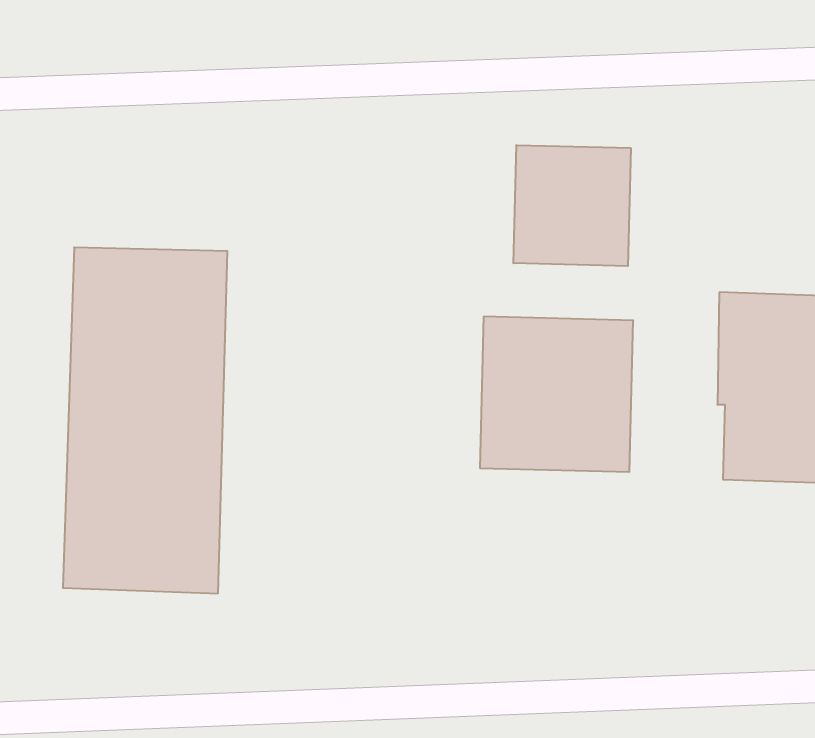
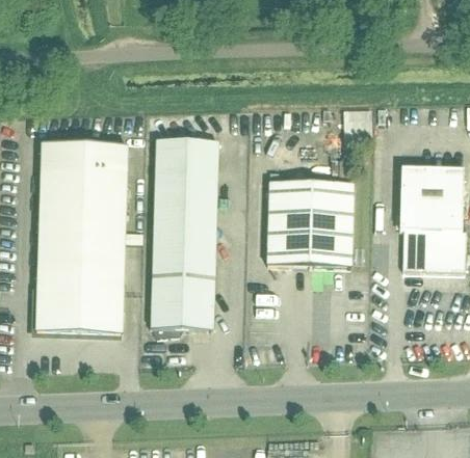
building: [513,145,631,266] -> none
building: none -> [152,137,218,335]

